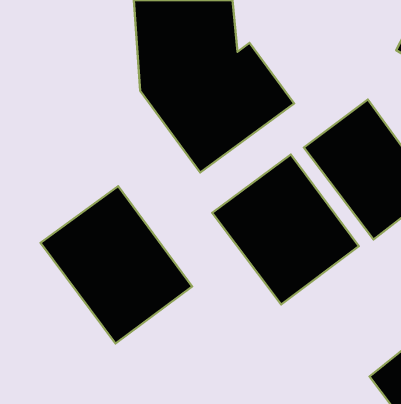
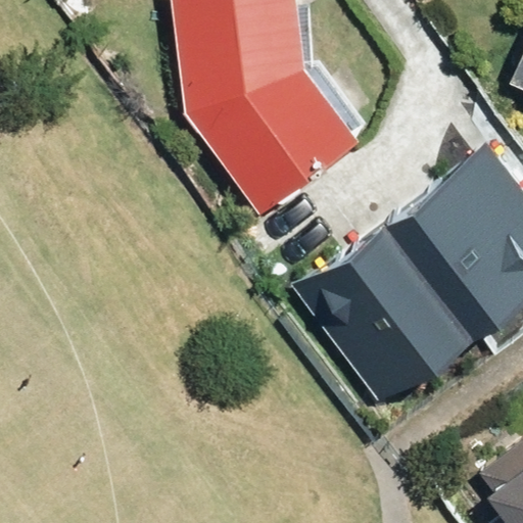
building: [40,186,192,344] -> none

